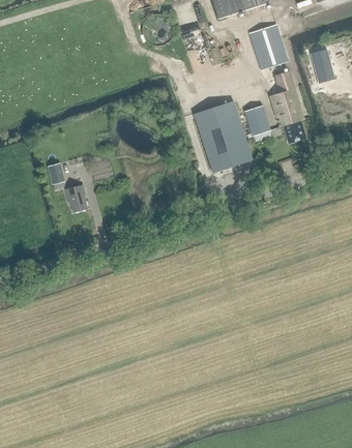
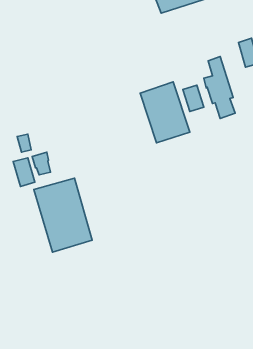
building: [248,25,287,70] -> none
building: none -> [13,158,35,187]
building: none -> [34,178,92,252]

